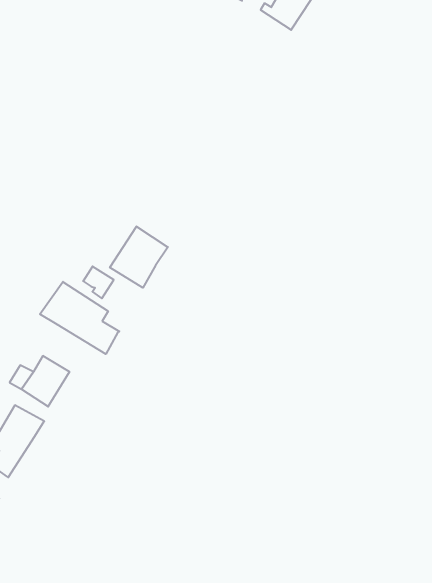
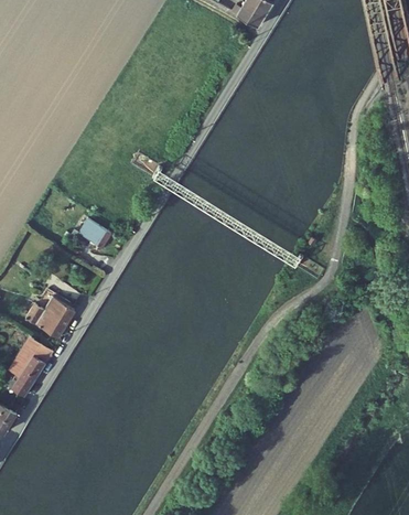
building: [110,226,168,288] -> none
building: [40,282,119,354] -> none

